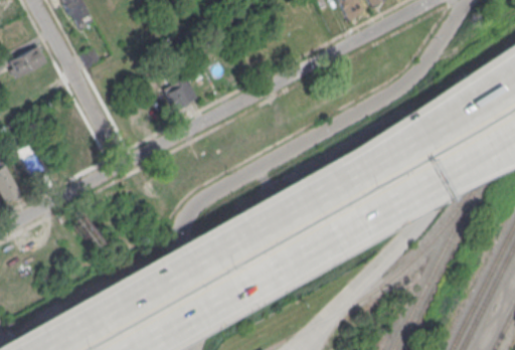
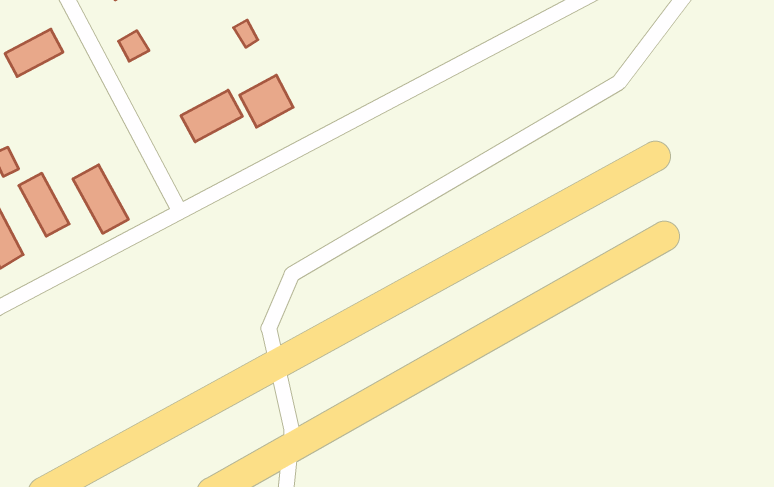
building: none -> [181,90,242,142]
building: none -> [73,165,128,233]

